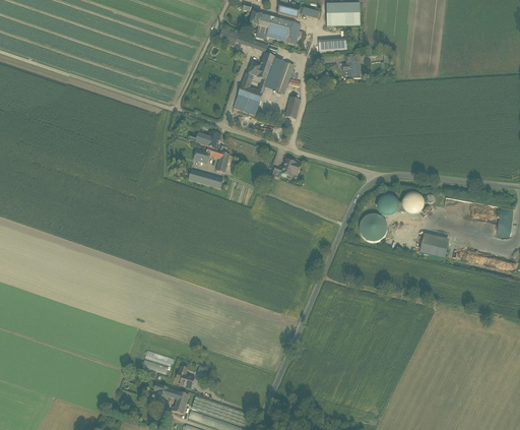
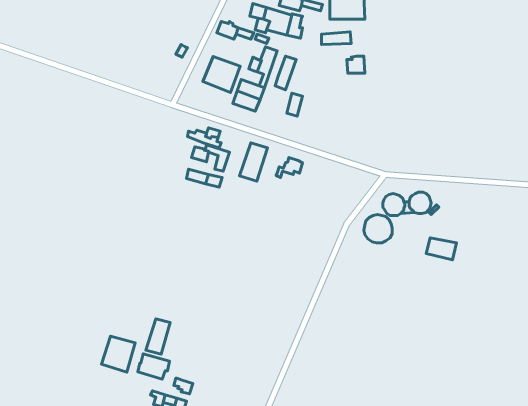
building: none -> [203,56,240,93]
building: none -> [239,143,268,181]
building: none -> [146,319,170,354]
building: none -> [102,336,135,372]

